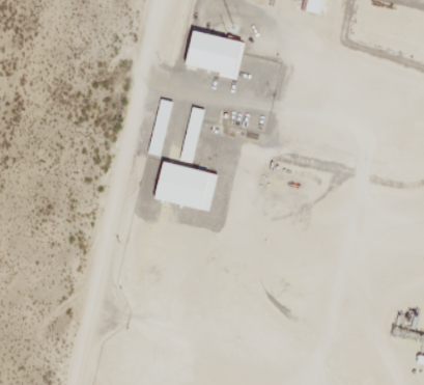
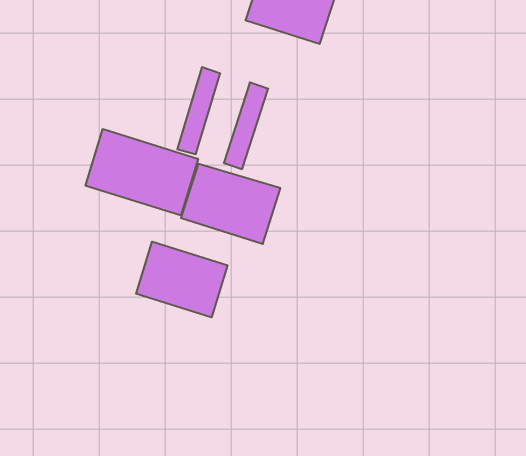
building: none -> [86,129,198,215]
building: none -> [136,242,227,317]

